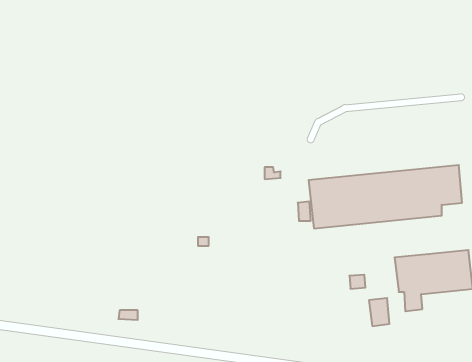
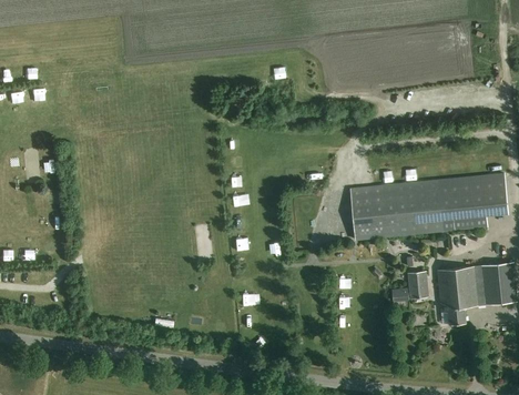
building: [369,298,389,326] -> [406,270,427,298]

